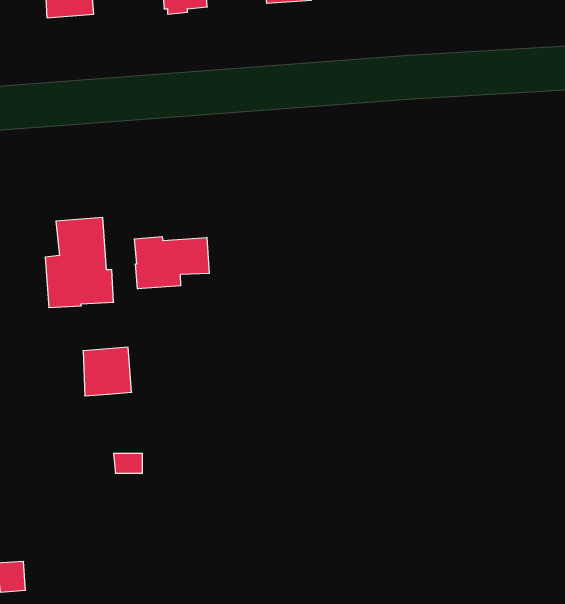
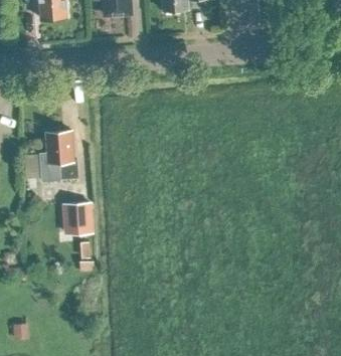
building: [135,237,209,289] -> none

